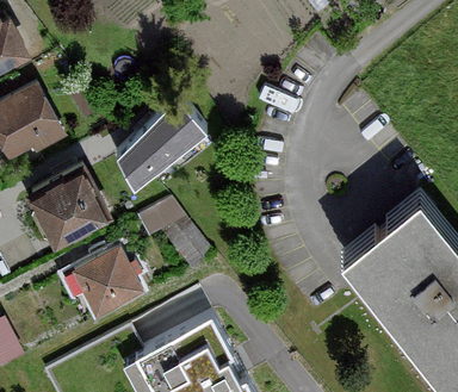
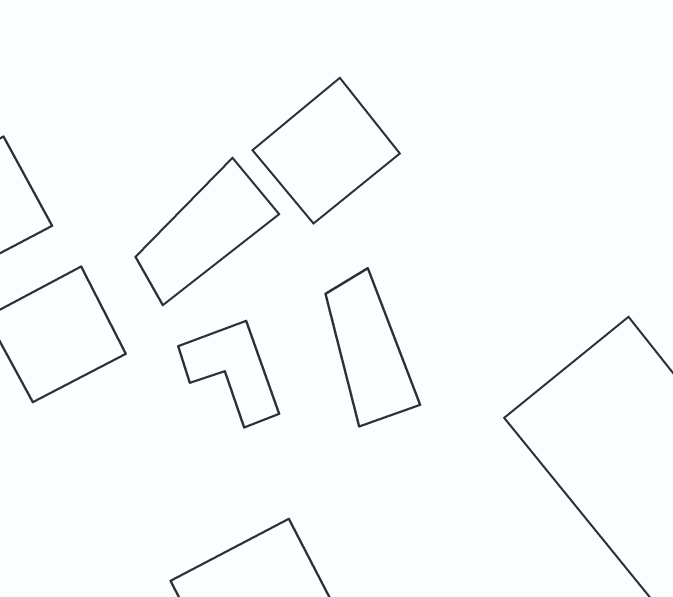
building: none -> [253,78,400,224]
building: none -> [326,268,420,427]
building: [74,251,143,319] -> none

